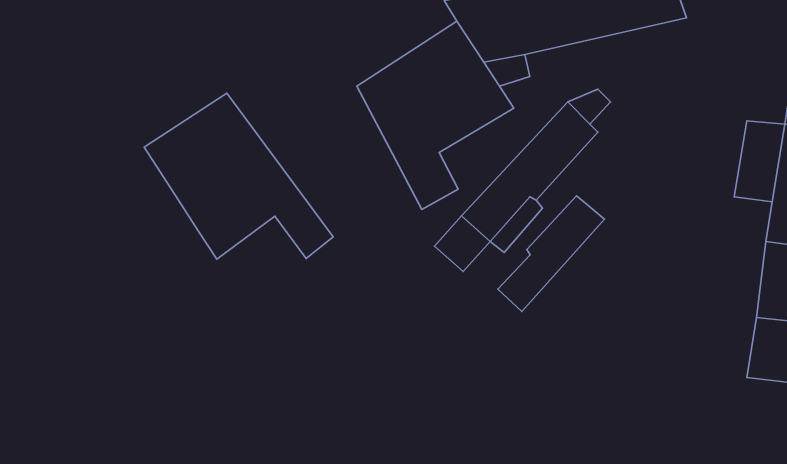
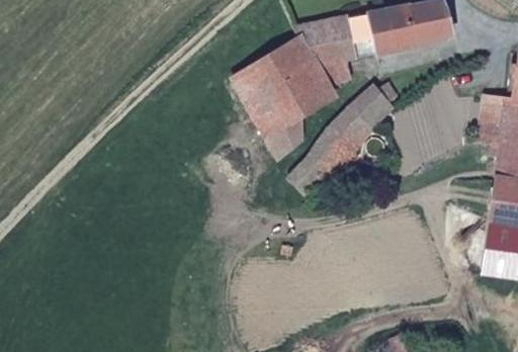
building: [144,93,333,259] -> none
building: [498,196,604,312] -> none

